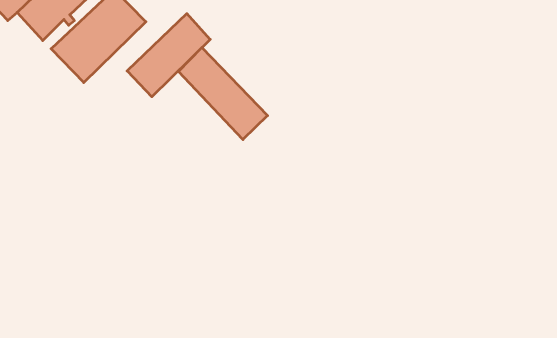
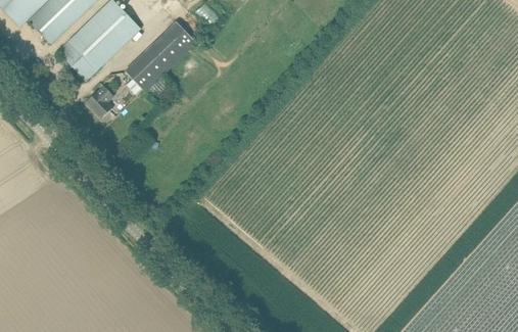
building: [178,47,268,140] -> none
building: none -> [86,85,113,117]

